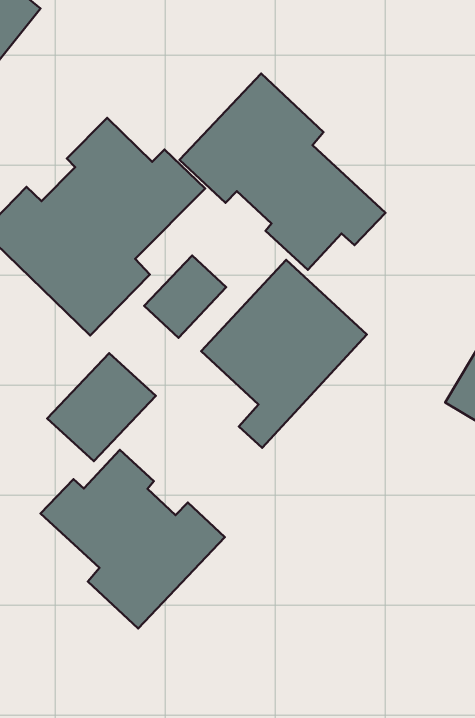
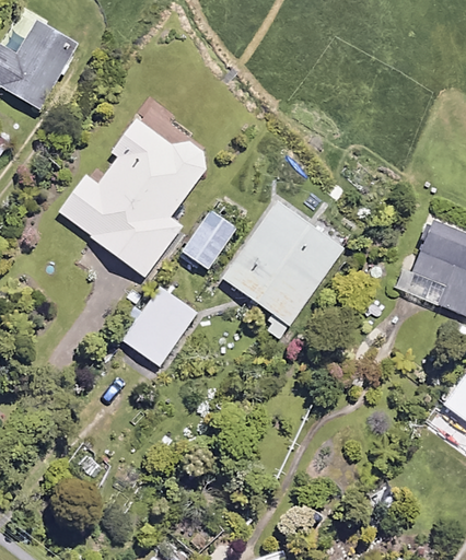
building: [179,74,386,270] -> none
building: [41,450,225,629] -> none

